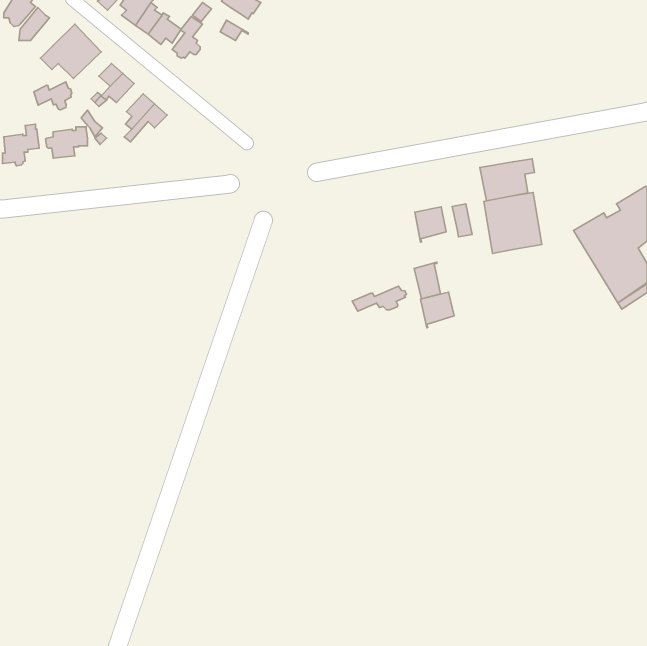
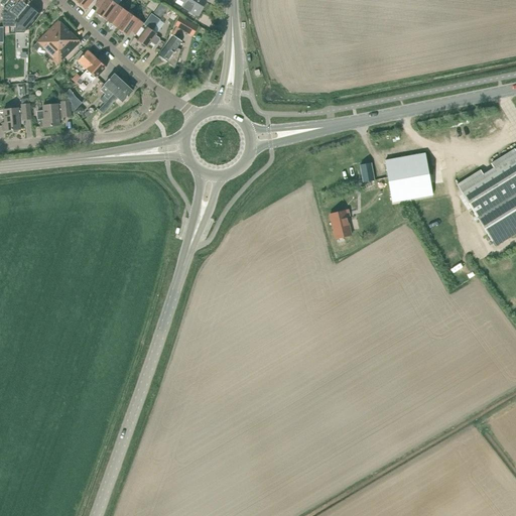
building: none -> [159,35,182,67]
building: [34,82,72,110] -> none
building: [480,159,534,201] -> none
building: [415,207,446,242] -> none
building: [352,286,407,311] -> none
building: [420,292,454,328] -> none

